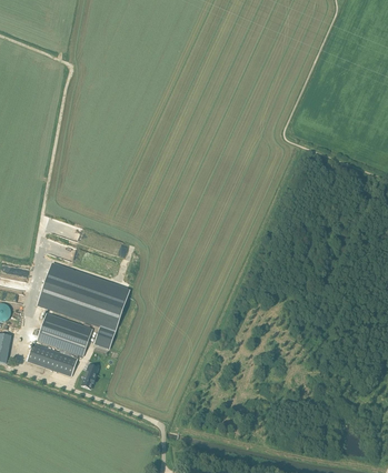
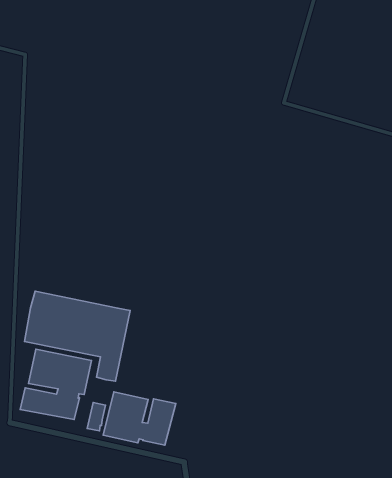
building: none -> [103,392,176,445]

